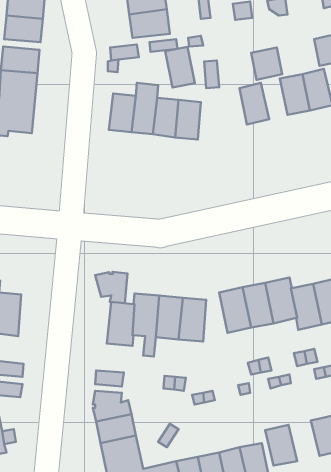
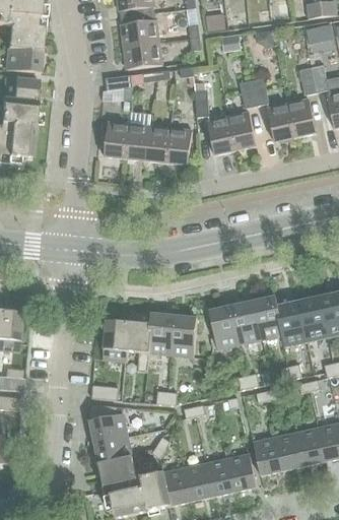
building: [165,47,195,87] -> [207,116,235,154]
building: [95,272,127,303] -> none
building: none -> [275,432,304,470]

